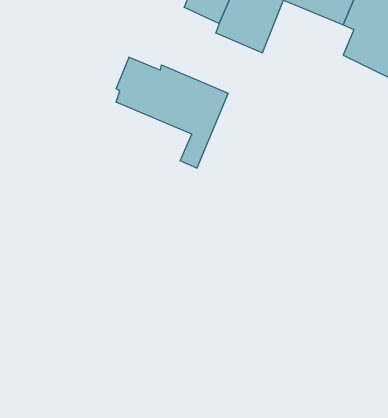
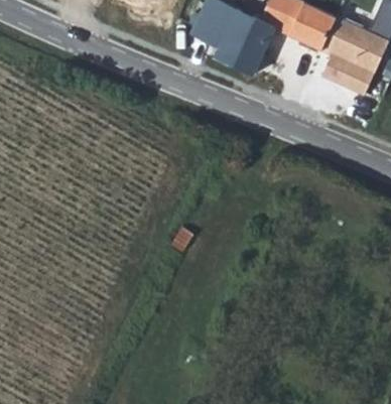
building: [116,57,228,168] -> none

